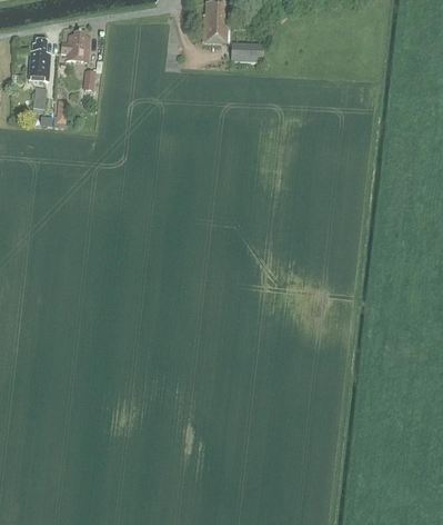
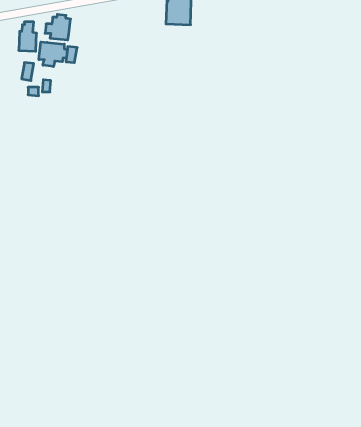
building: [230,42,263,61] -> none
building: none -> [39,42,67,67]

